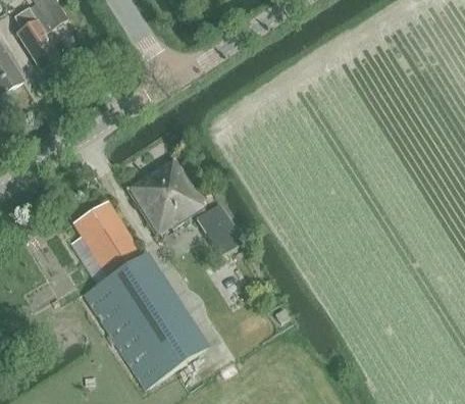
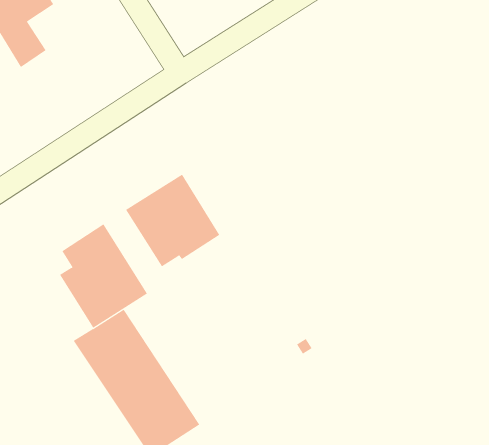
building: [198,203,246,256] -> none
building: [125,255,206,362] -> none

